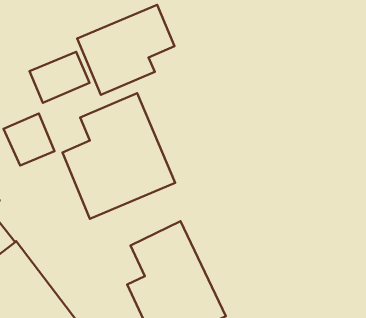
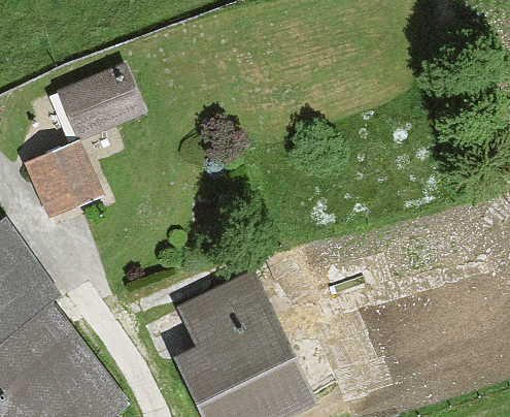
building: [77,5,174,95] -> none
building: [63,93,175,219] -> none

